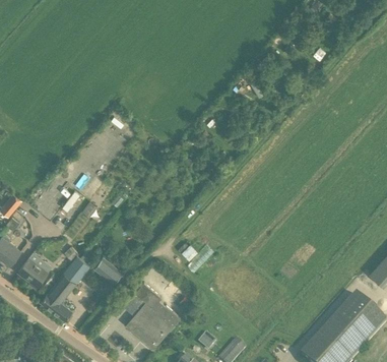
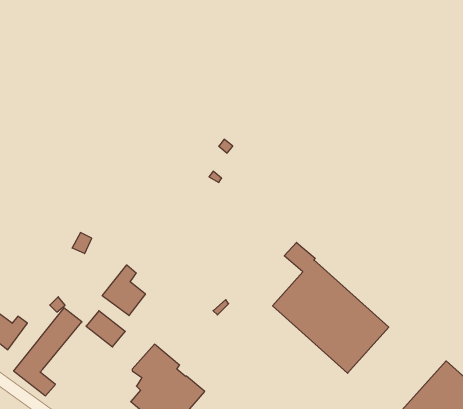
building: none -> [273,242,389,373]
building: none -> [102,265,145,316]

